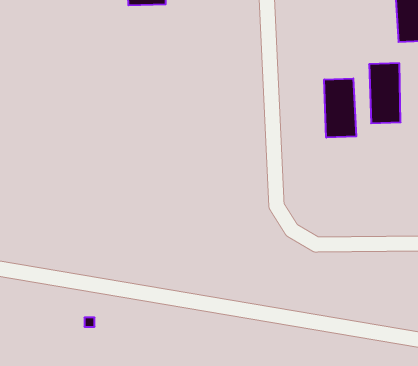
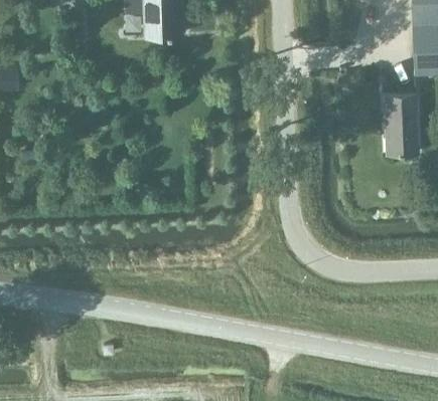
building: [324,78,356,138] -> none

